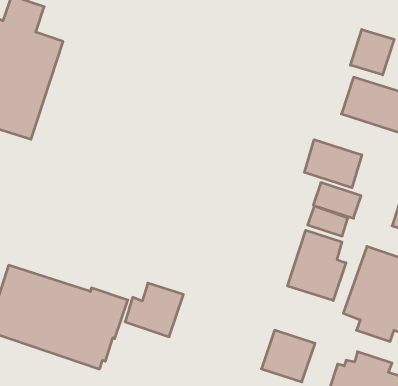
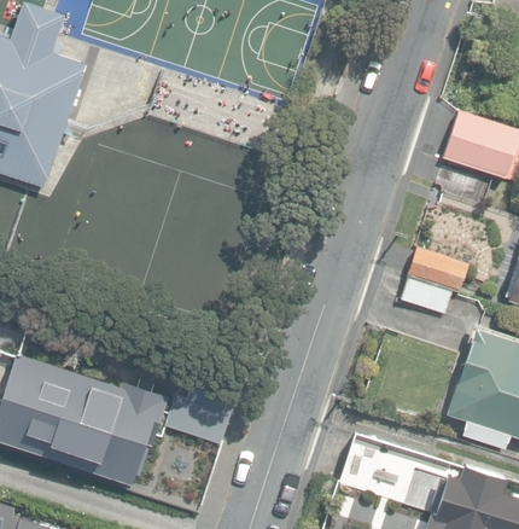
building: [350,29,394,75] -> none
building: [304,140,362,188] -> none
building: [288,230,346,301] -> none

